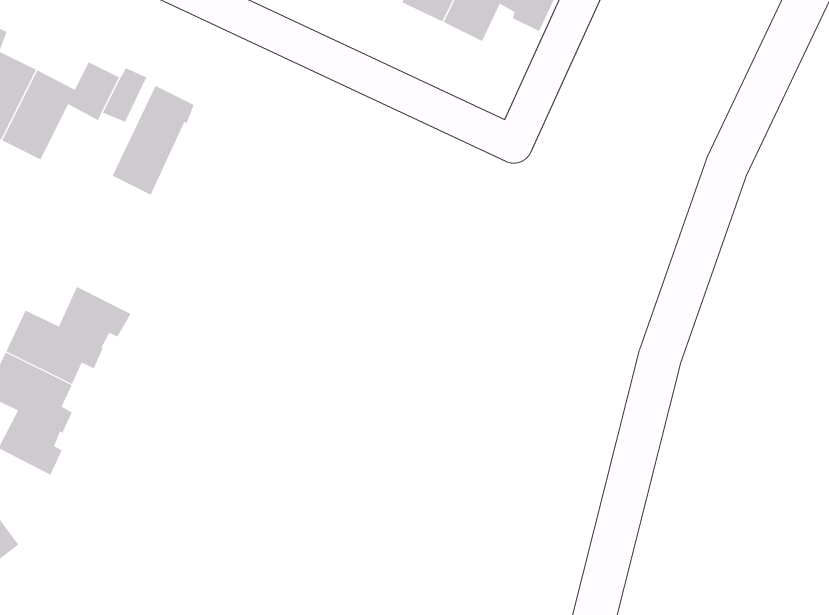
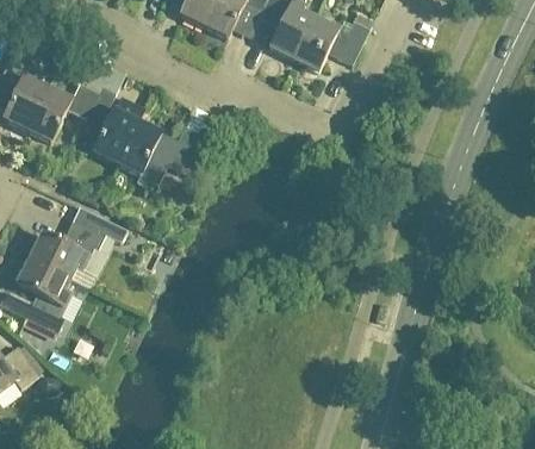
building: none -> [117,119,195,186]

